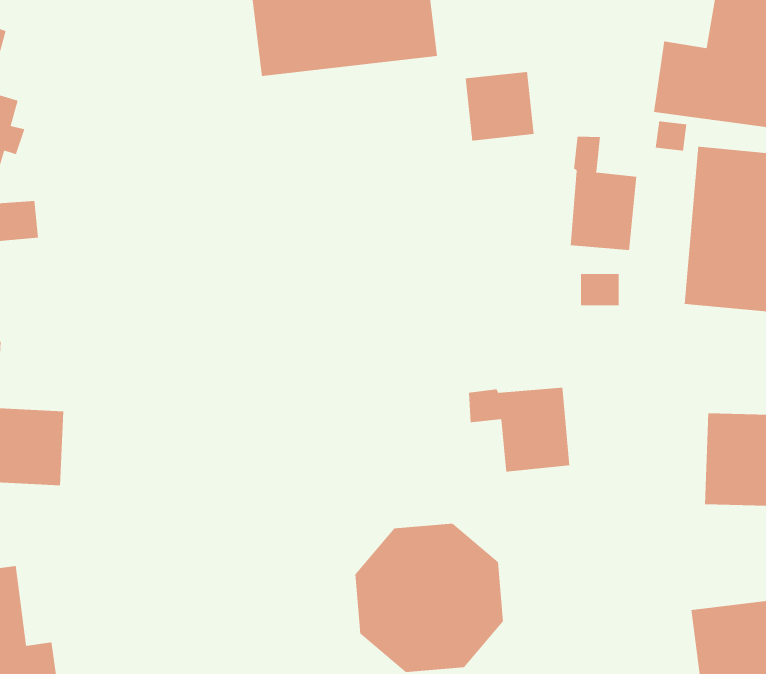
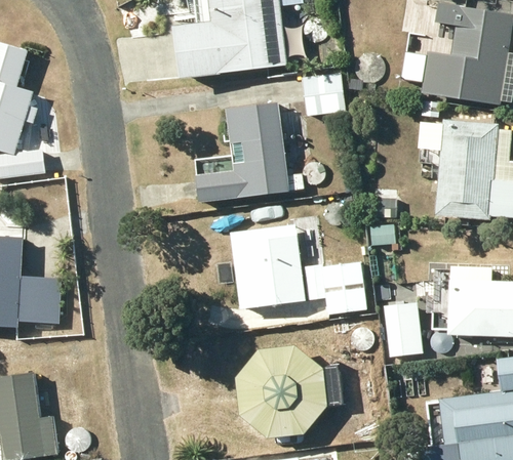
building: none -> [192,101,304,202]
building: [570,136,637,251] -> none
building: none -> [230,225,304,308]
building: none -> [385,304,420,357]

